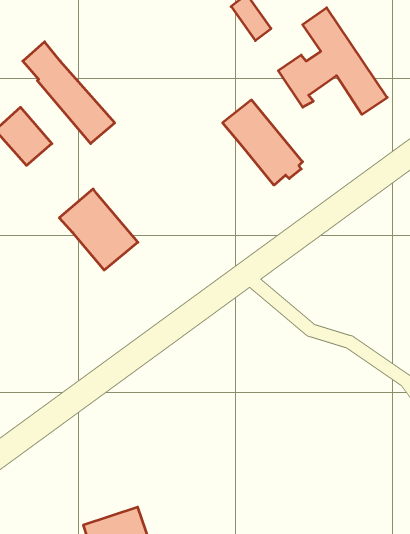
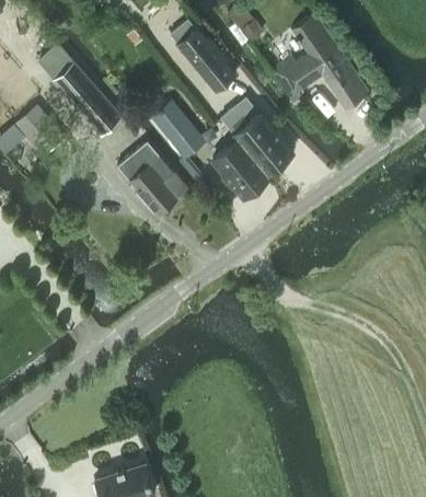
building: none -> [179,31,234,92]
building: none -> [151,102,206,160]
building: none -> [212,140,269,199]
building: [59,189,138,270] -> [117,142,188,216]

